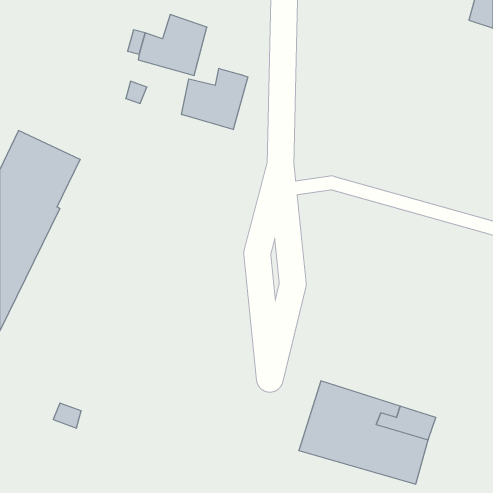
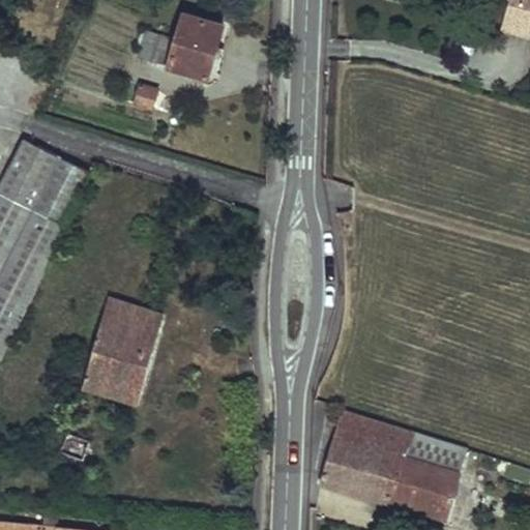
building: [182,68,248,130] -> none
building: none -> [83,298,161,405]

